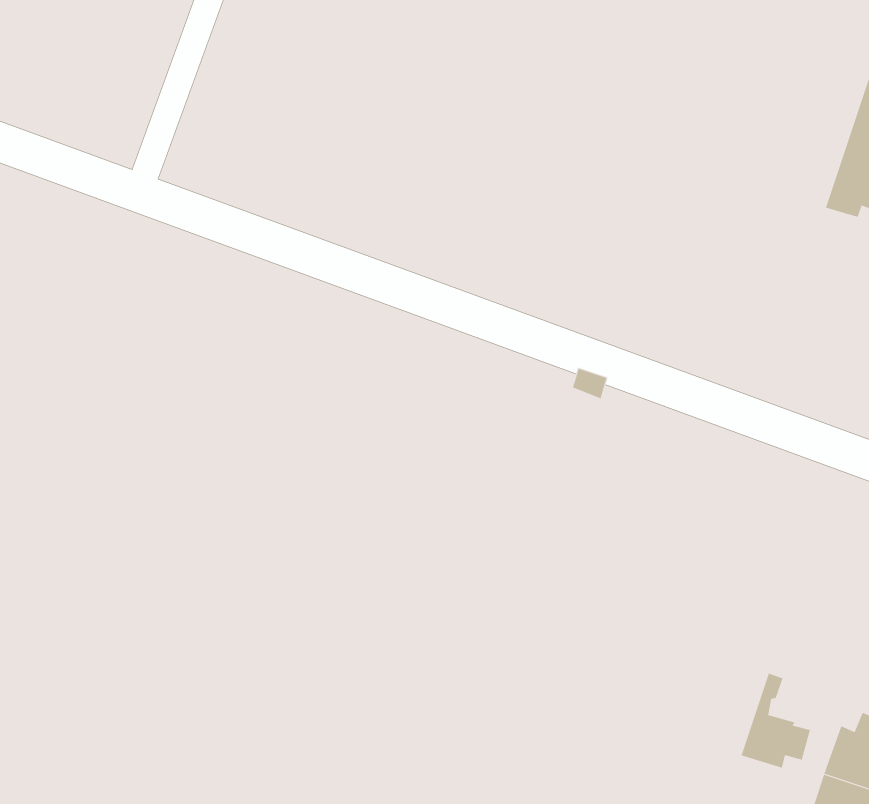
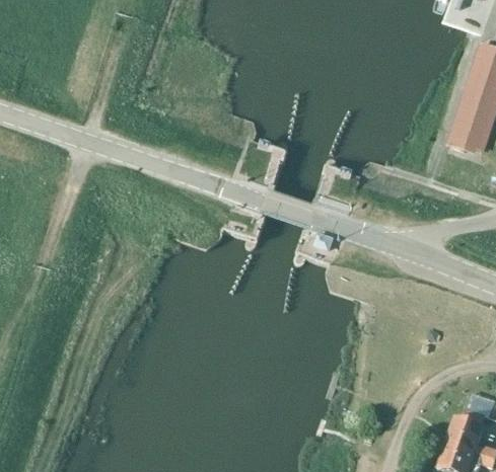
building: [741,673,810,769] -> none

